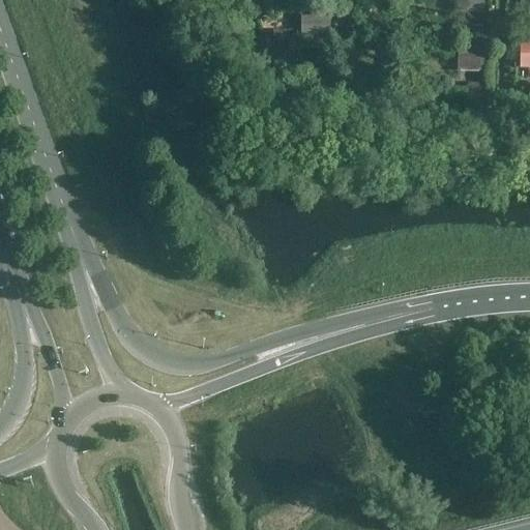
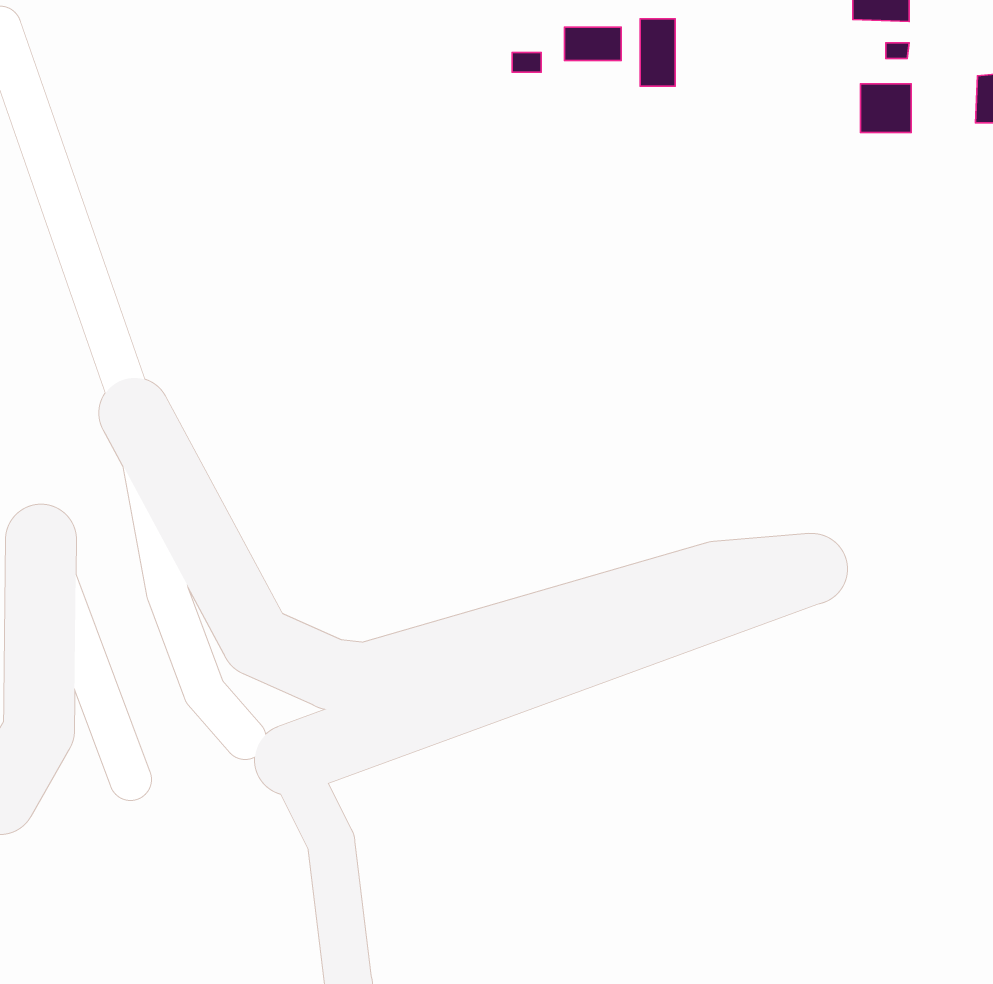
building: none -> [640,19,675,86]

